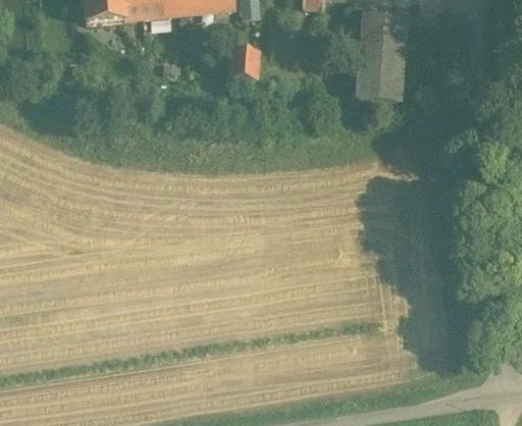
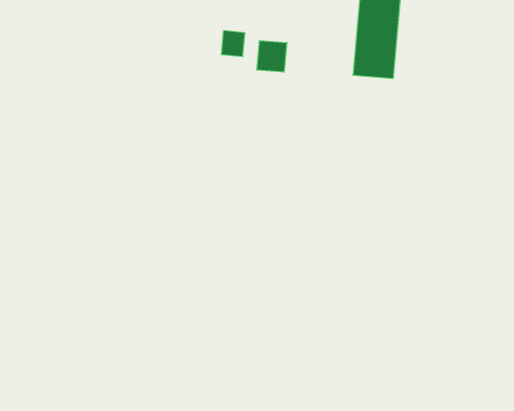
building: none -> [257,40,287,72]

